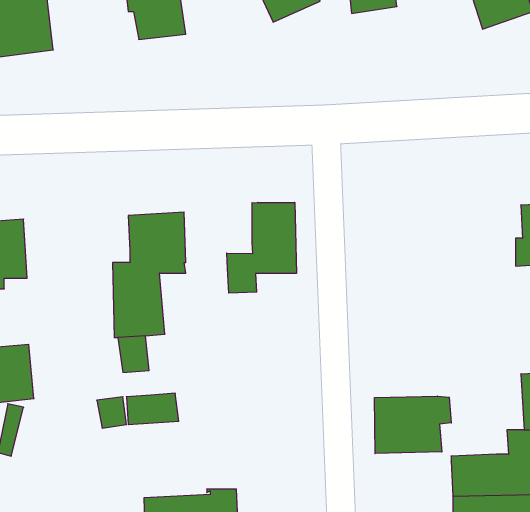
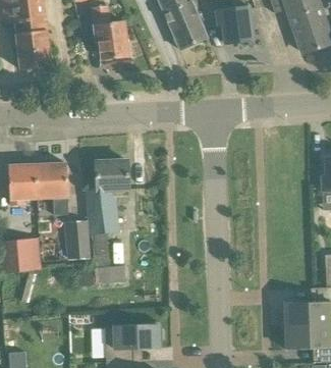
building: [227,202,296,293] -> none
building: none -> [35,162,68,214]
building: none -> [65,219,88,258]
building: [375,396,451,454] -> none

